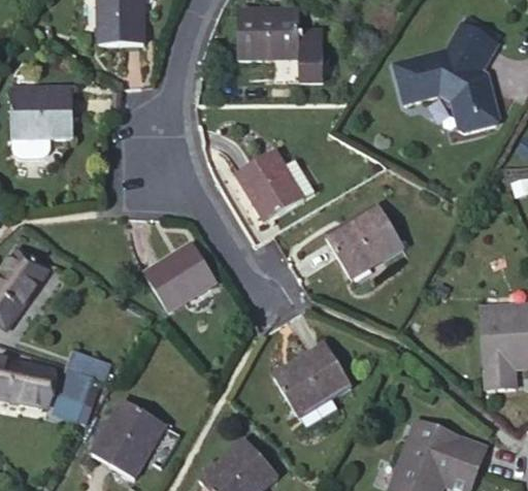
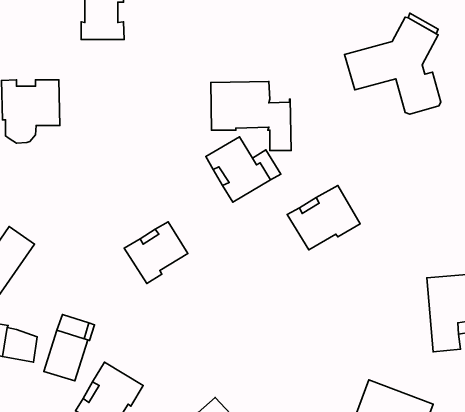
building: [237,7,326,84] -> [211,81,291,151]
building: [273,345,352,429] -> none

